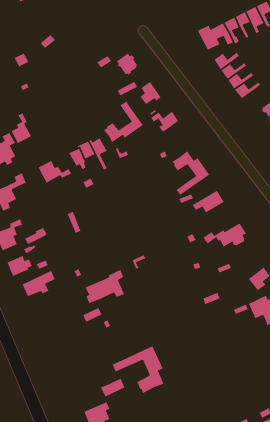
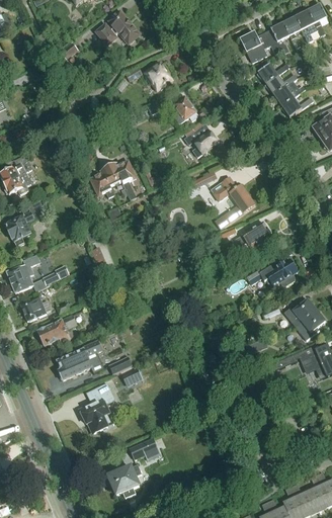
building: none -> [95,13,138,45]
building: [103,101,144,143] -> none
building: [11,112,32,144] -> none
building: [37,160,72,184] -> none
building: none -> [283,298,316,327]
building: [85,269,125,304] -> [57,339,103,379]
building: none -> [79,383,113,433]
building: [111,345,165,394] -> none

